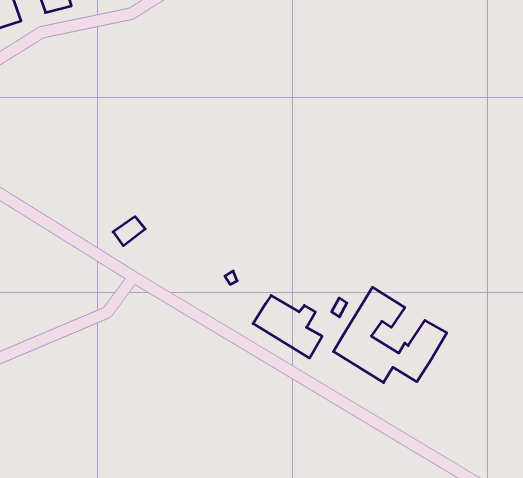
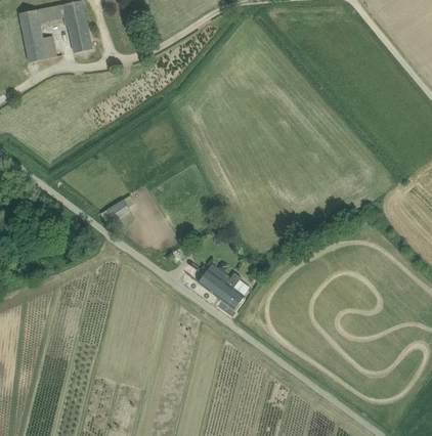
building: [333,287,447,383] -> none

